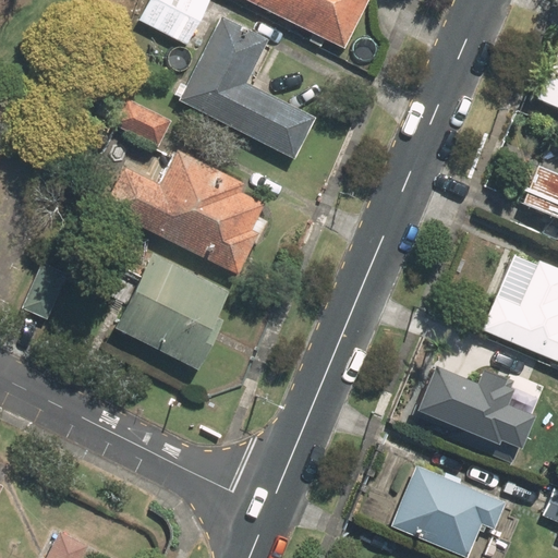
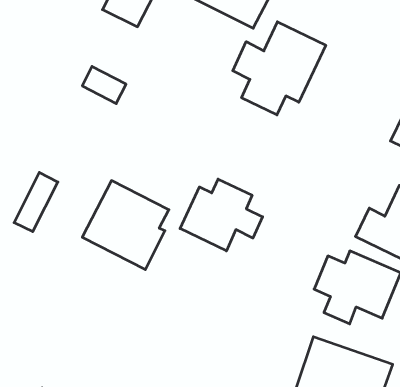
building: [177,15,316,158] -> none
building: none -> [233,22,326,115]
building: [101,150,269,274] -> none
building: none -> [180,179,263,251]

